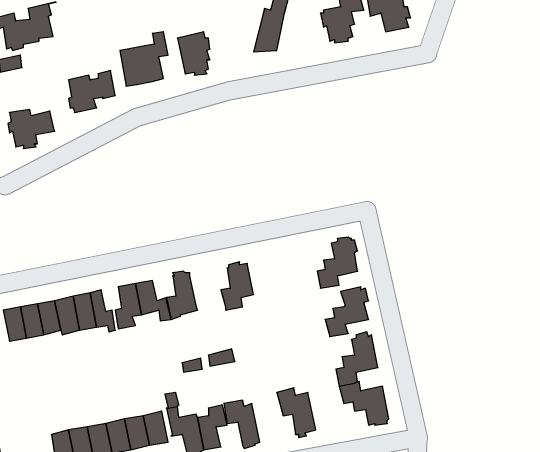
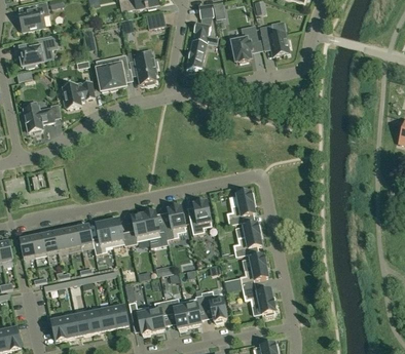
building: none -> [189,201,211,233]
building: none -> [143,209,167,238]
building: none -> [184,288,205,325]

